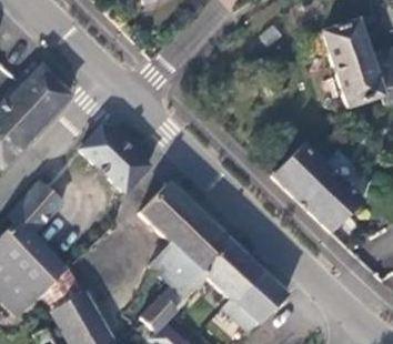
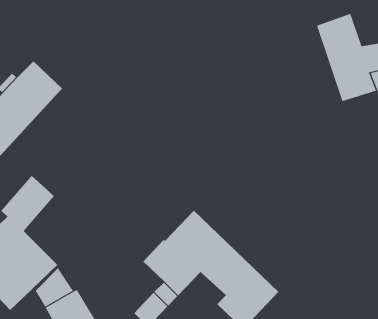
building: [81,124,150,191] -> none
building: [273,142,363,231] -> none
building: [139,182,201,243] -> none

